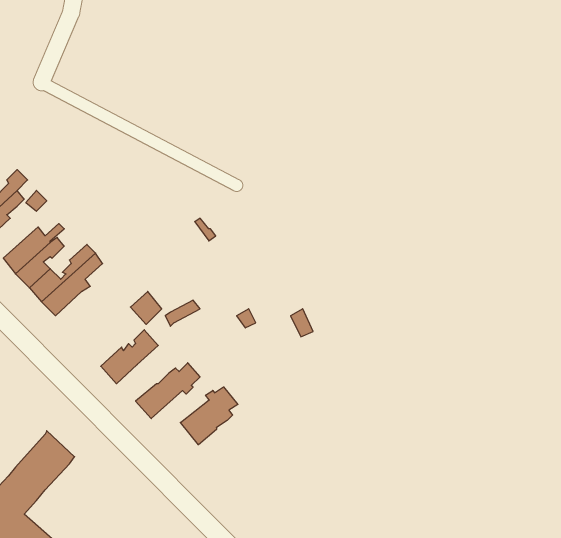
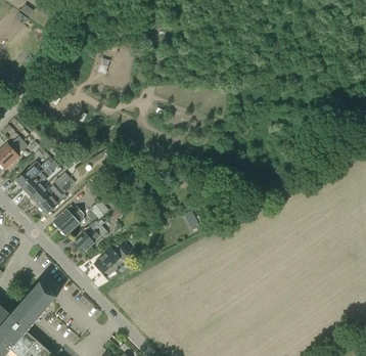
building: none -> [51,205,84,236]
building: [180,387,238,445] -> none

